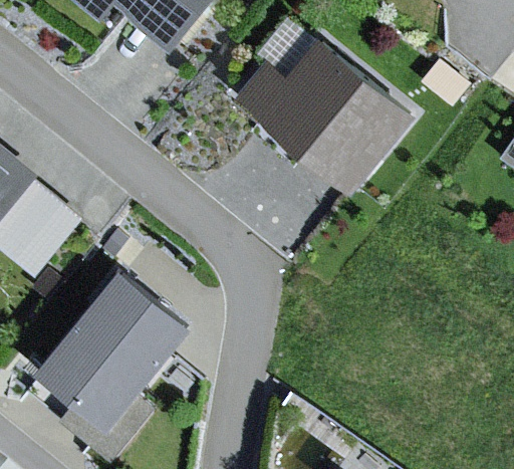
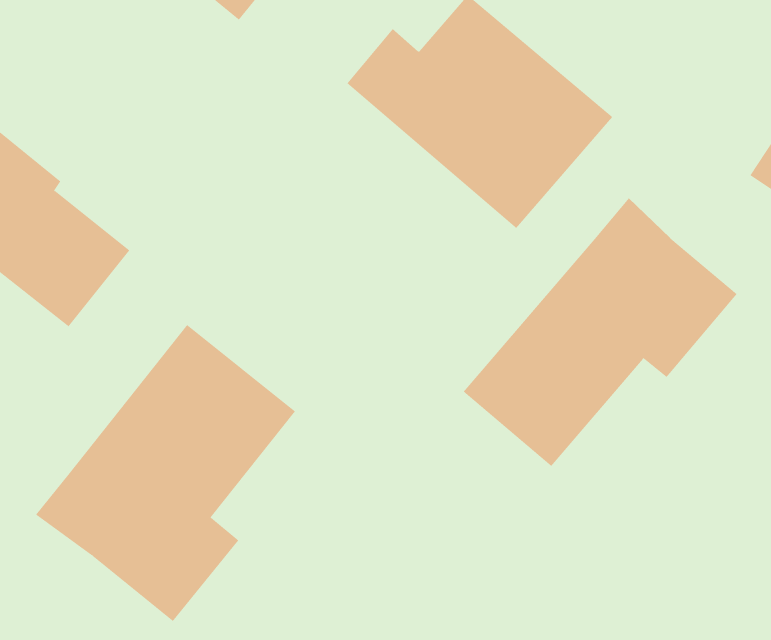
building: none -> [463,198,738,467]

